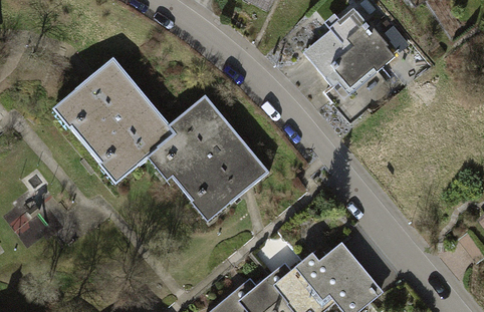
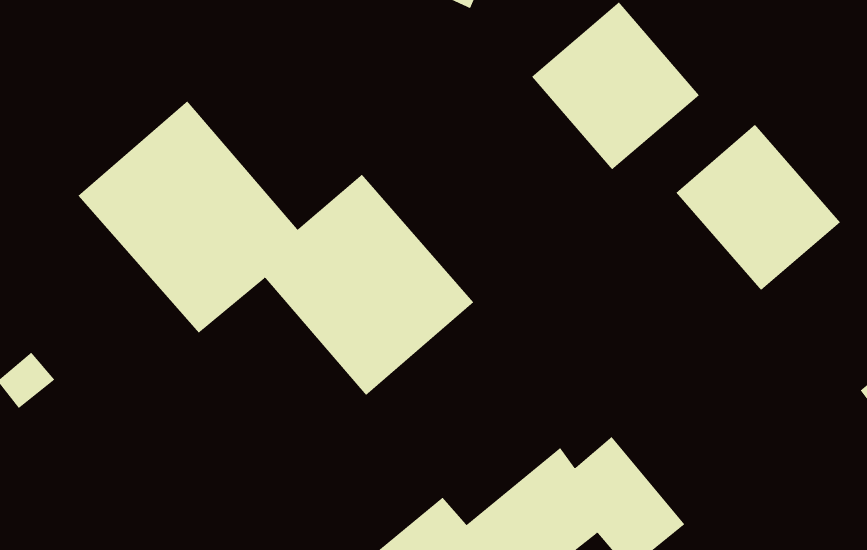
building: none -> [675,124,841,291]

